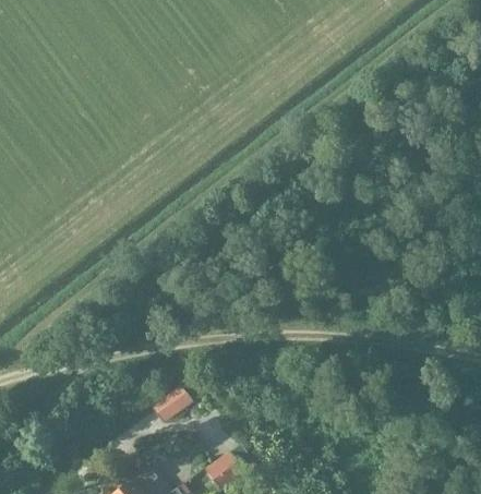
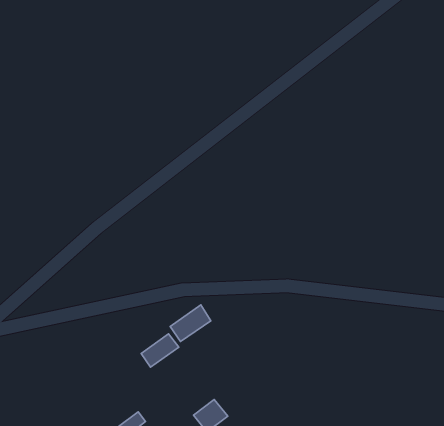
building: none -> [170,305,211,341]

